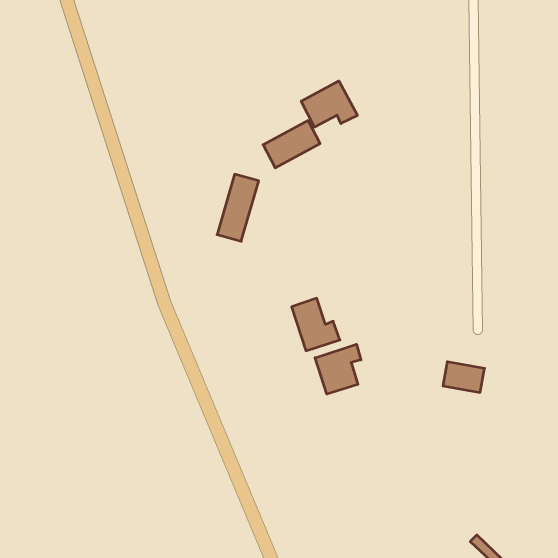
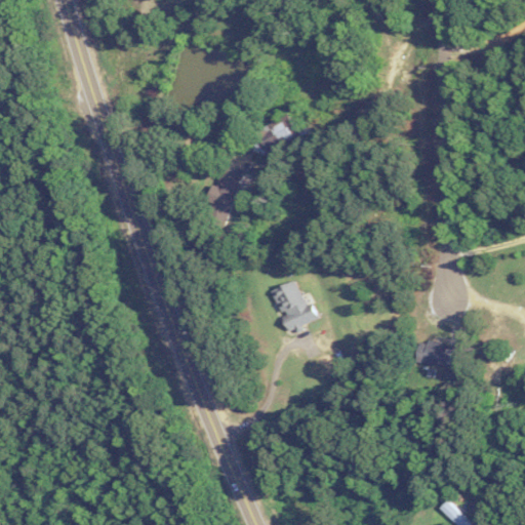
building: [301,81,357,127] -> none
building: [315,344,361,394] -> none

